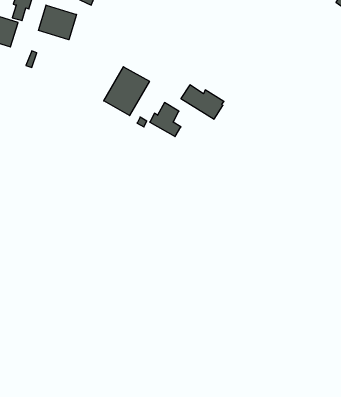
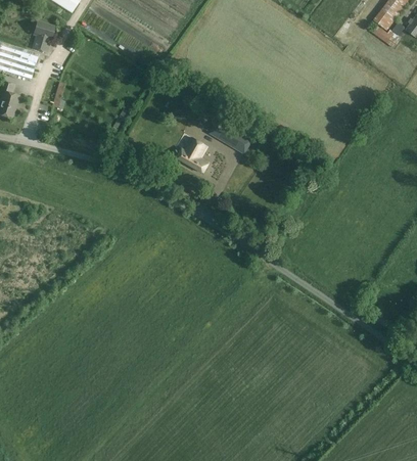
building: [38,5,76,40] -> none
building: [104,67,149,116] -> none

